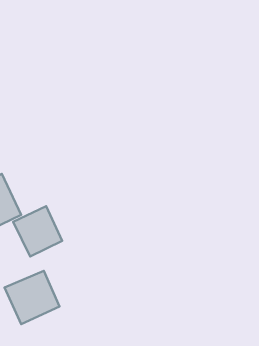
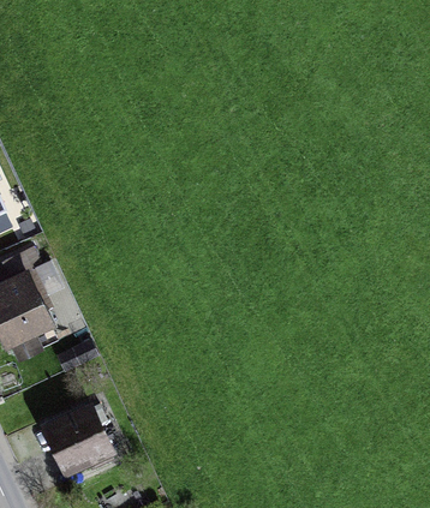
building: [13,206,62,256] -> none

